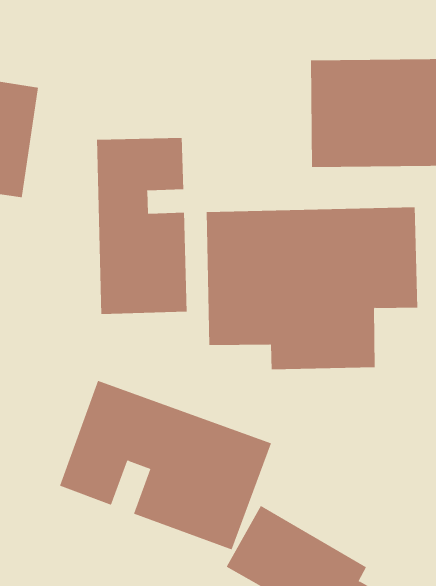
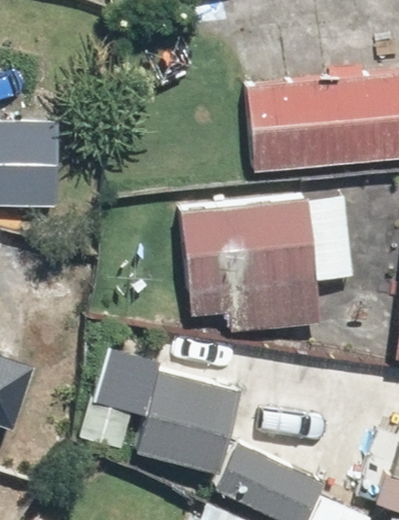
building: [97,137,187,315] -> none

